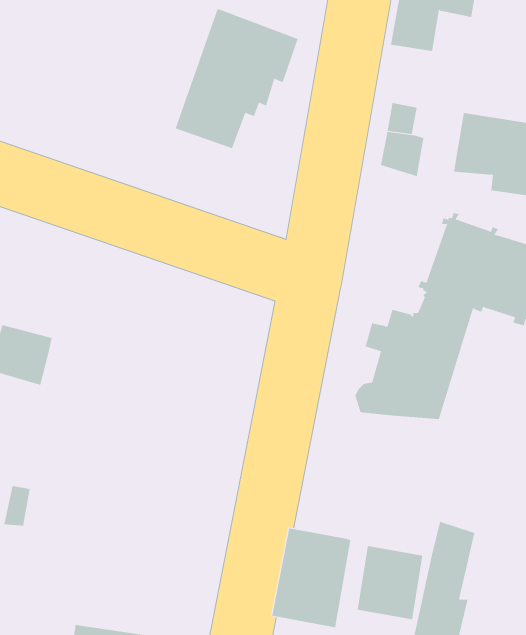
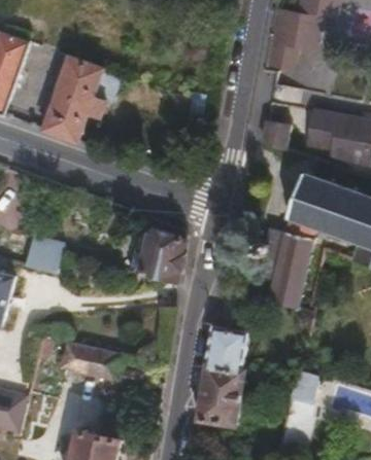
building: [175,8,299,149] -> [45,56,121,141]
building: none -> [129,228,187,283]
building: none -> [60,343,140,381]
building: [357,545,423,620] -> [206,323,246,368]

